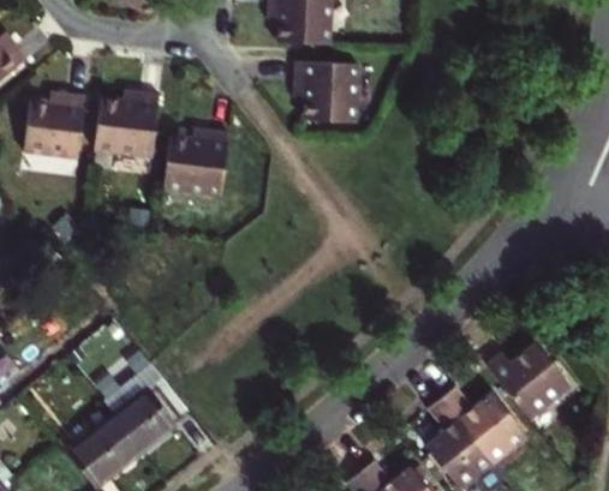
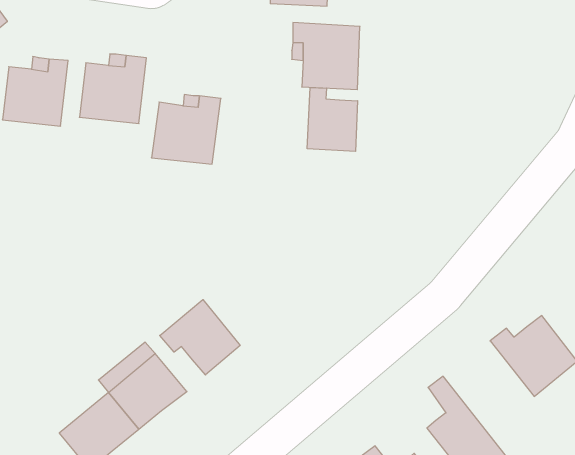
building: none -> [307,88,358,151]
building: none -> [160,300,240,375]
building: [440,385,525,465] -> none

